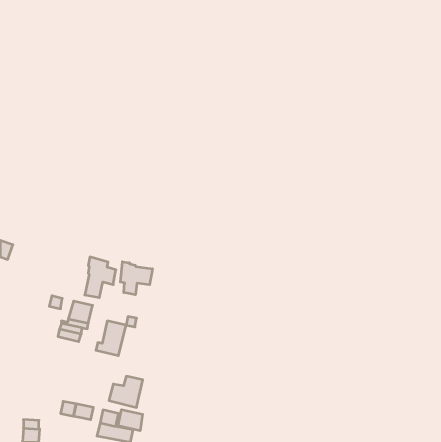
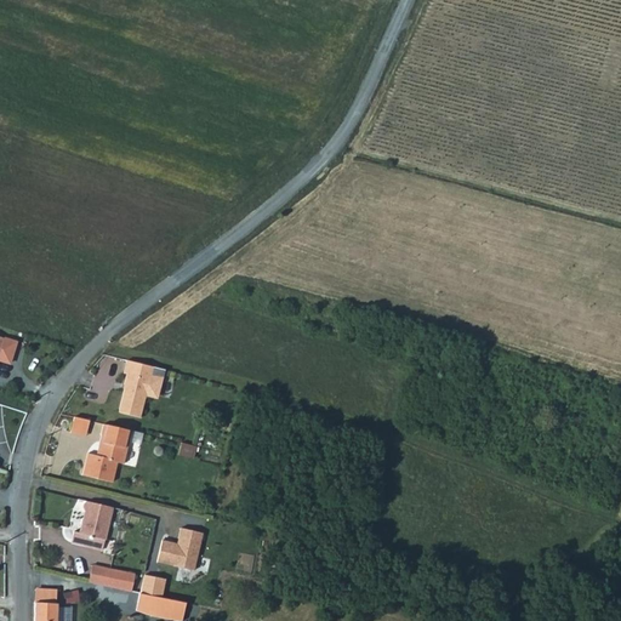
building: [120,262,152,295] -> none
building: [96,321,126,356] -> [72,501,114,549]
building: [118,410,143,431] -> none

